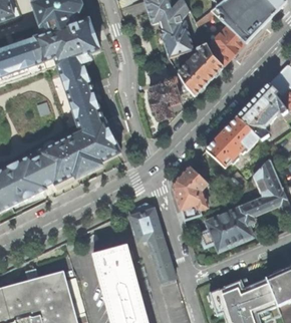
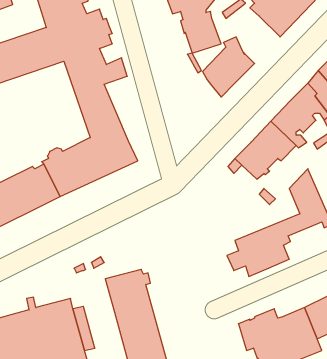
building: [211,25,245,66] -> none
building: [149,77,194,119] -> none
building: [174,166,208,220] -> none
building: [127,202,175,284] -> none

